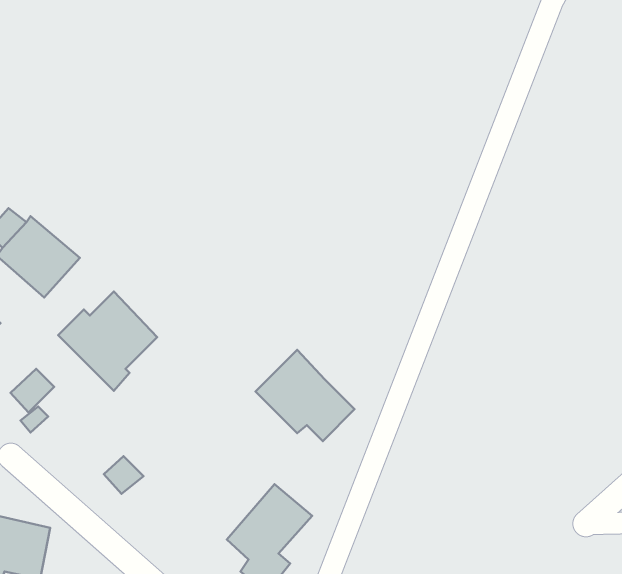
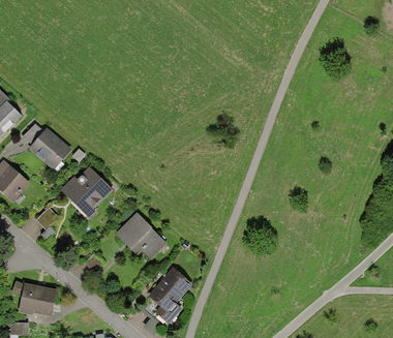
building: [255,350,355,441] -> [115,212,167,259]

